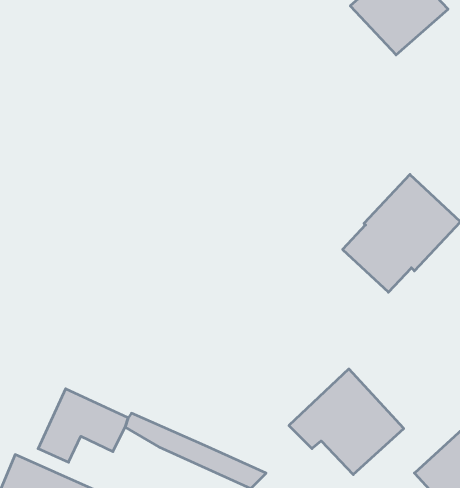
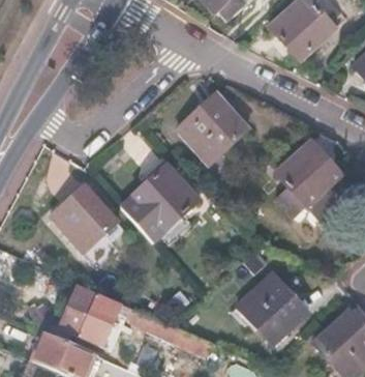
building: none -> [176,91,248,164]
building: none -> [129,164,199,234]
building: none -> [51,184,118,259]

